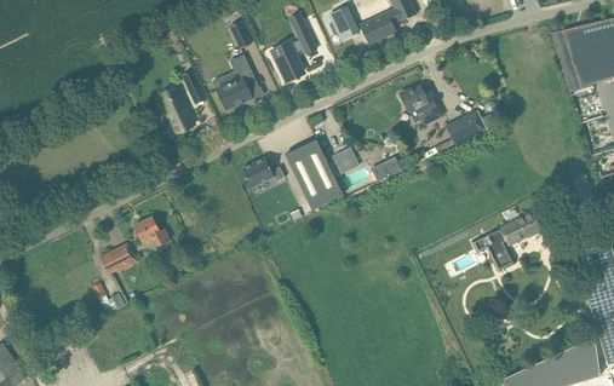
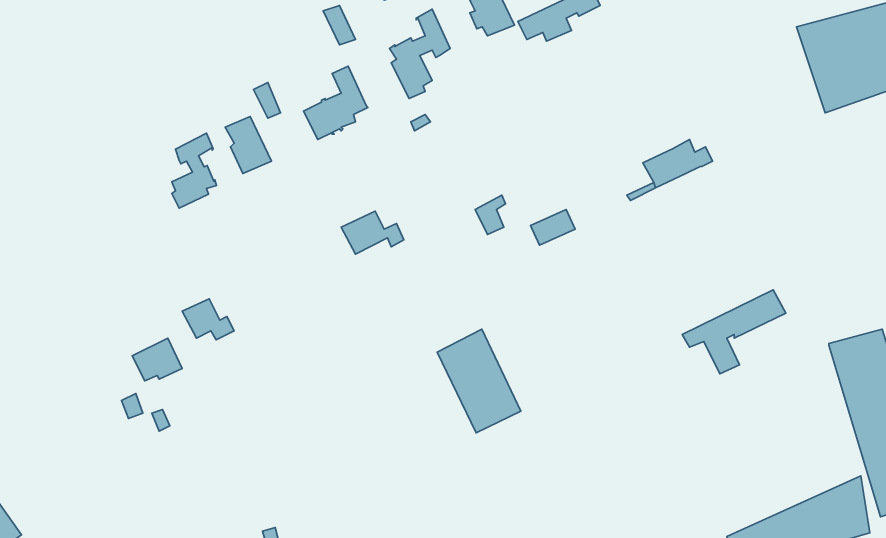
building: [402,86,440,122] -> none
building: none -> [172,133,217,208]
building: [286,138,343,208] -> [437,329,521,433]

